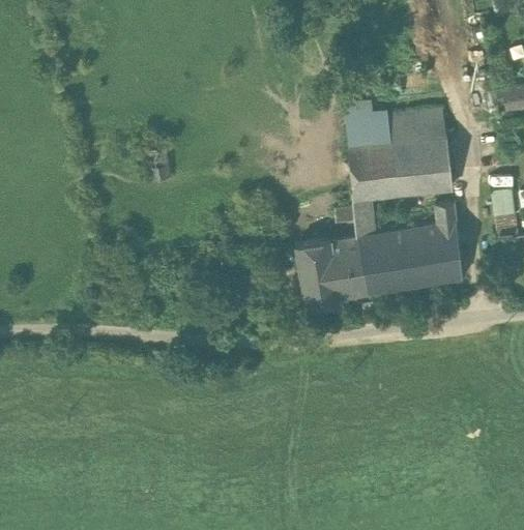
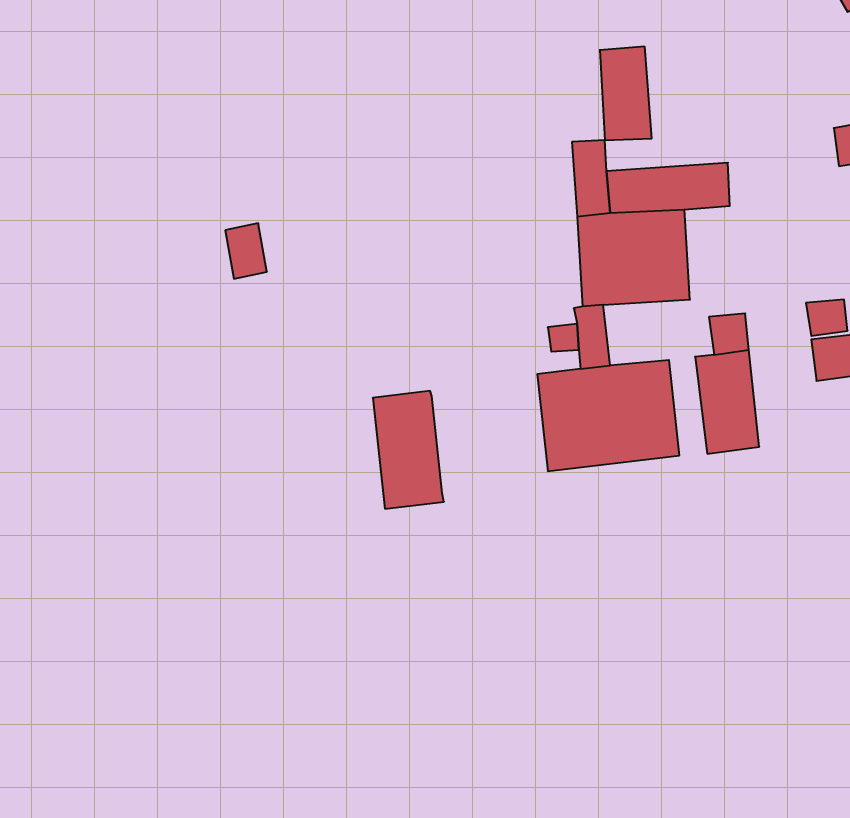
building: [418,137,449,193] -> [600,47,652,140]
building: [409,227,432,286] -> none
building: [295,234,338,304] -> [373,391,444,509]

